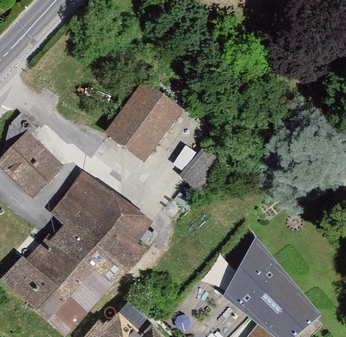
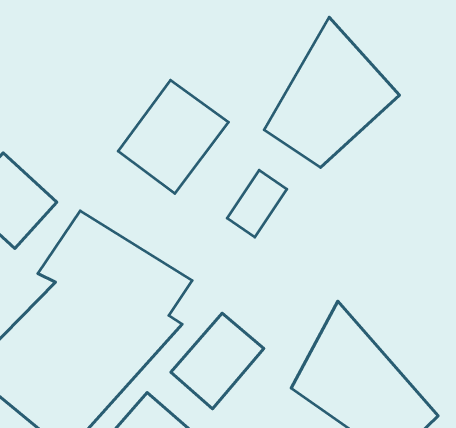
building: none -> [264,17,400,167]
building: none -> [171,313,264,409]

